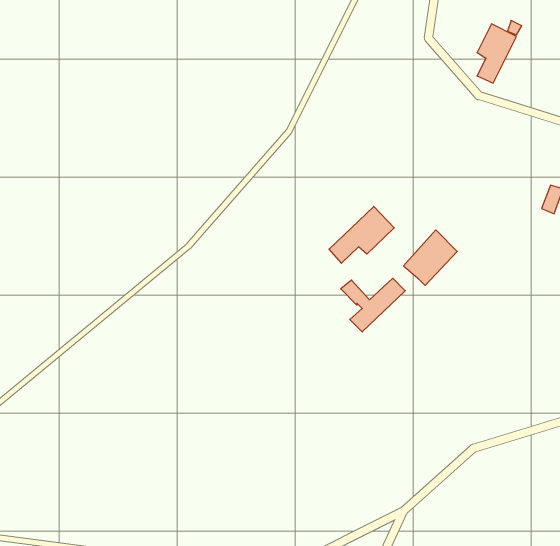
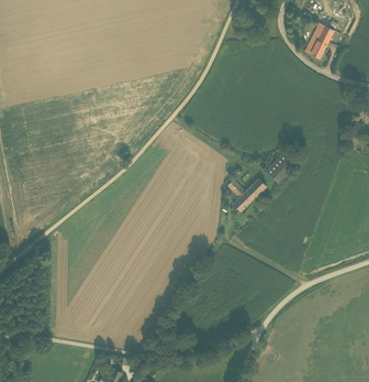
building: [329,206,394,263] -> none

